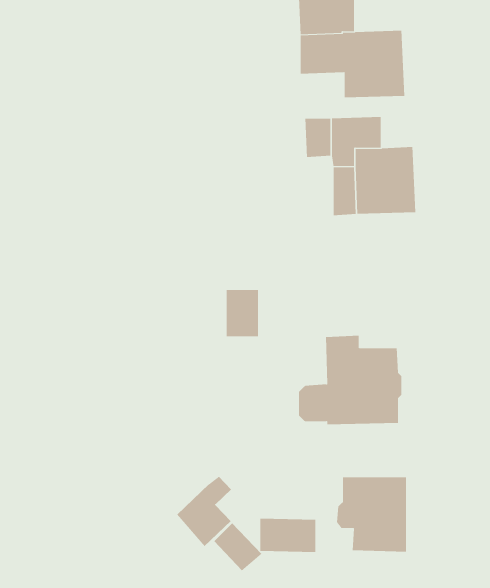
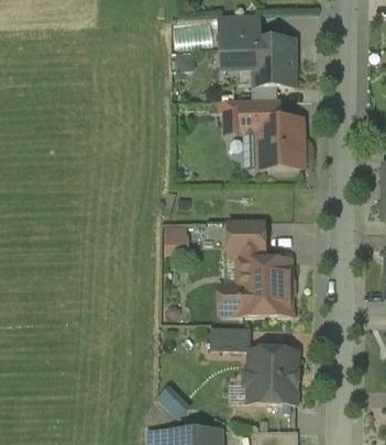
building: none -> [229,219,264,253]
building: [176,476,232,547] -> none
building: [260,518,316,553] -> [211,326,251,351]

